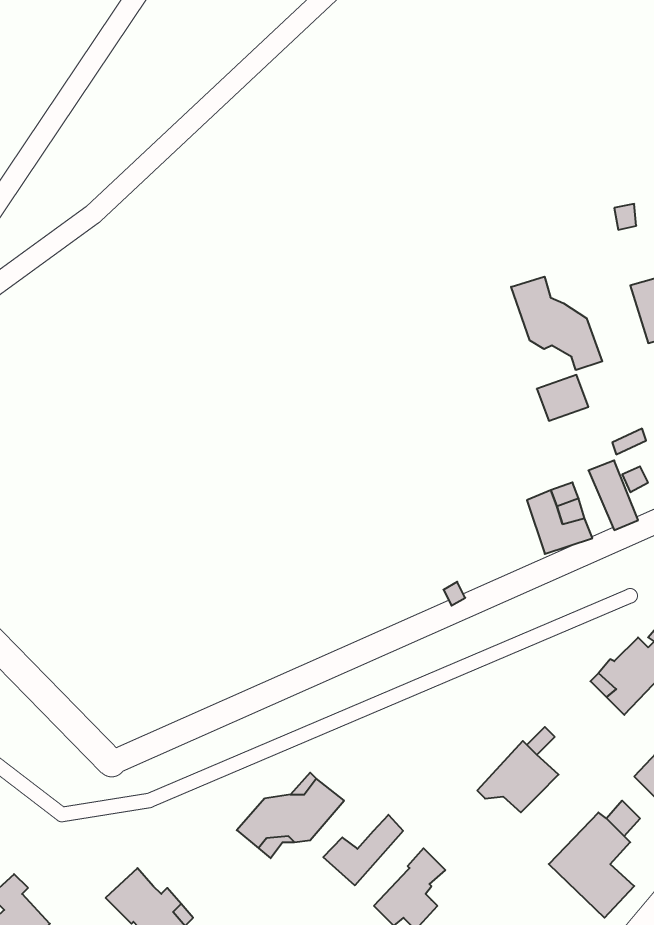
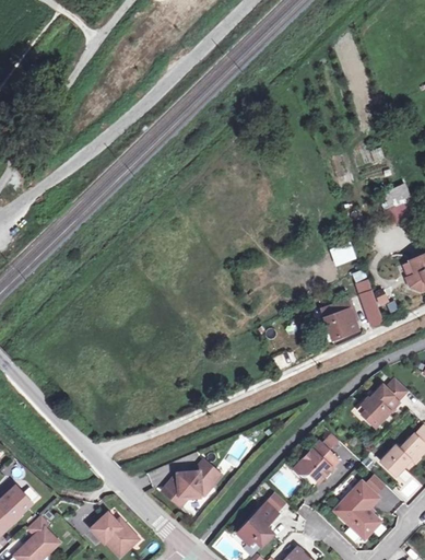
building: [511,277,602,370] -> none
building: [323,815,403,885] -> none

